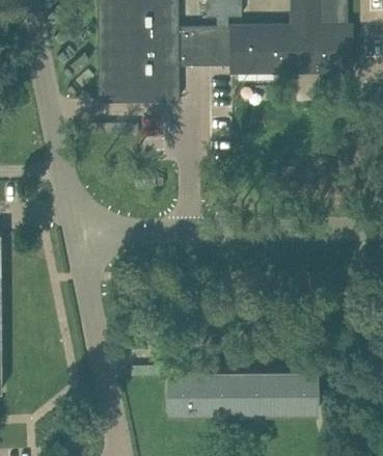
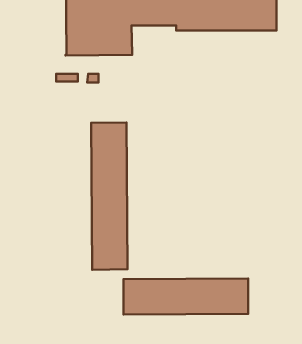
building: none -> [91,122,128,270]

